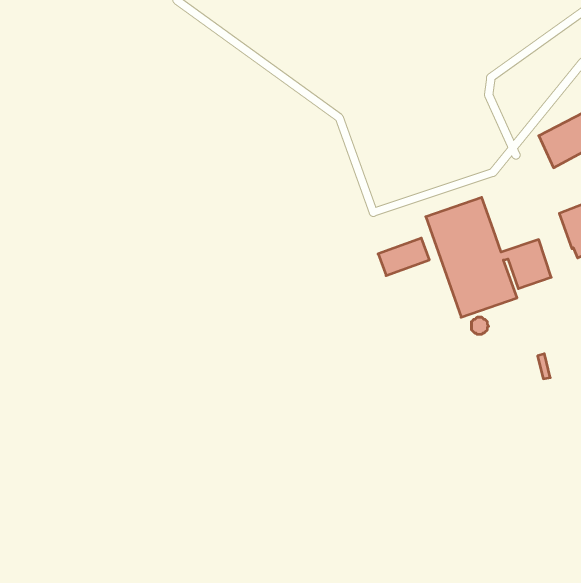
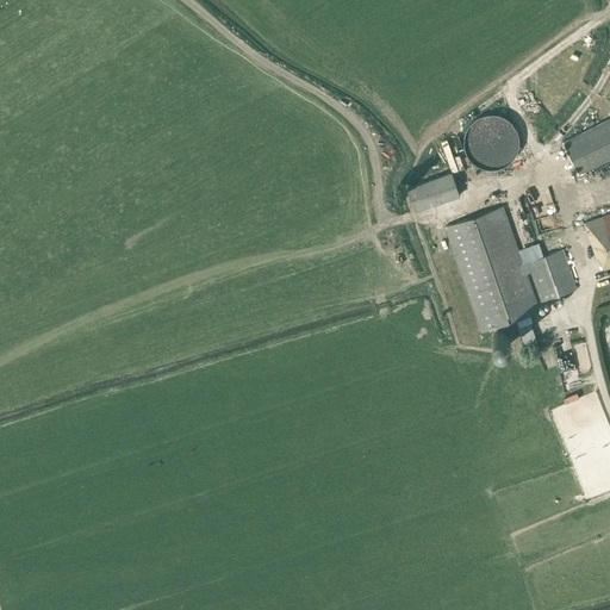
building: none -> [466,113,521,169]
building: [378,238,429,276] -> [409,172,462,211]

